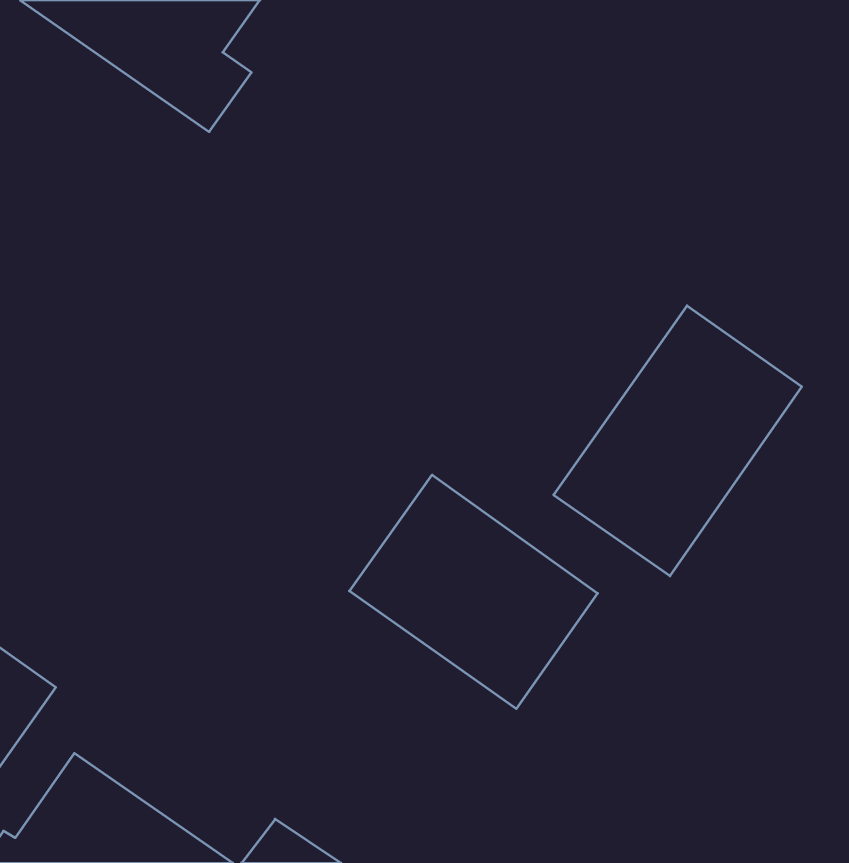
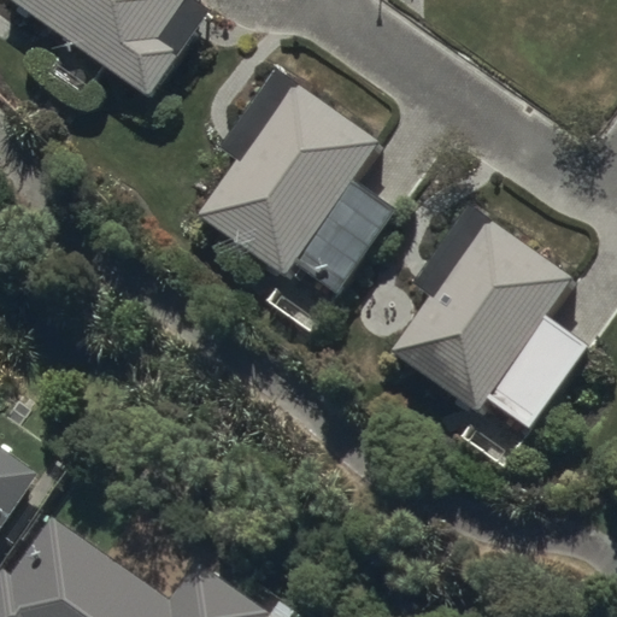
building: none -> [202,83,378,274]
building: [349,475,598,709] -> none

